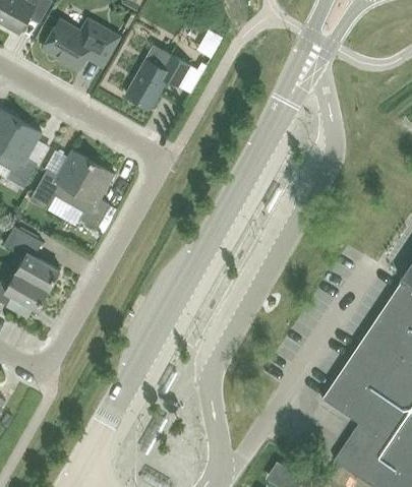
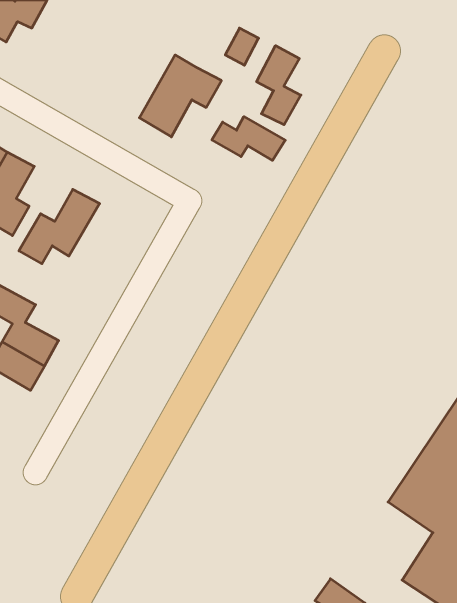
building: [44,19,118,67] -> none
building: none -> [257,46,301,125]
building: none -> [212,117,285,160]
building: [69,162,114,229] -> none

